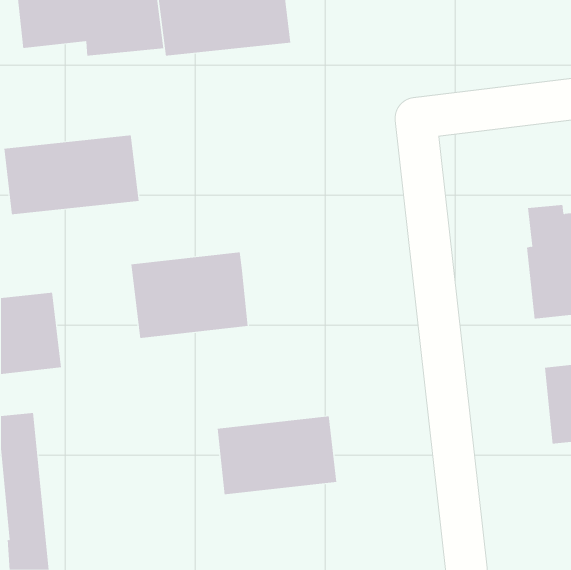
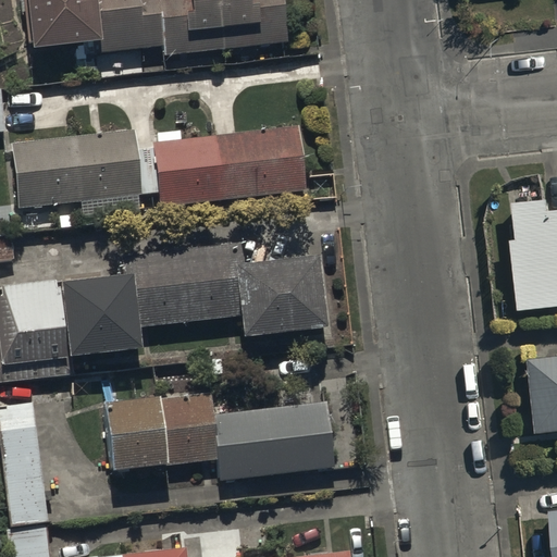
building: none -> [152,128,304,207]
building: none -> [238,255,325,334]
building: none -> [54,275,139,356]
building: none -> [98,391,216,471]

